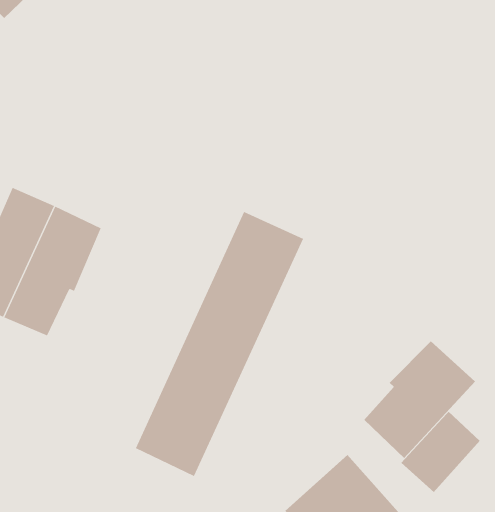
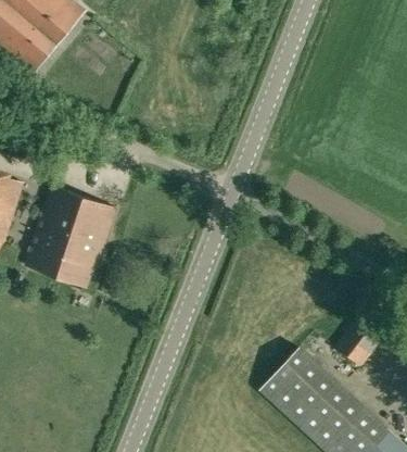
building: [135,211,304,477] -> none
building: [364,341,476,459] -> none

